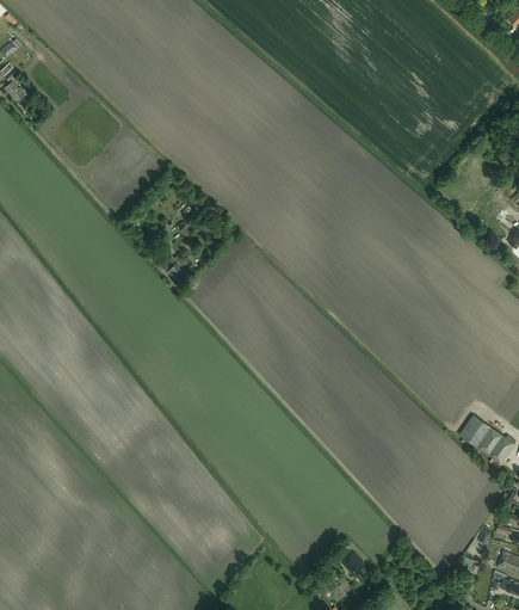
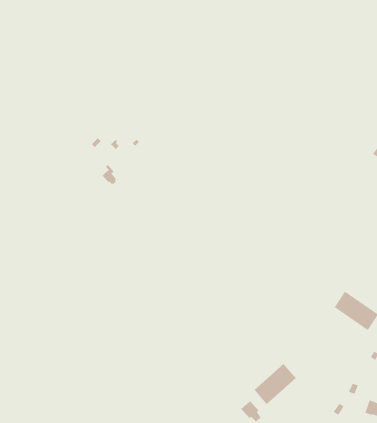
building: none -> [254,363,296,405]

